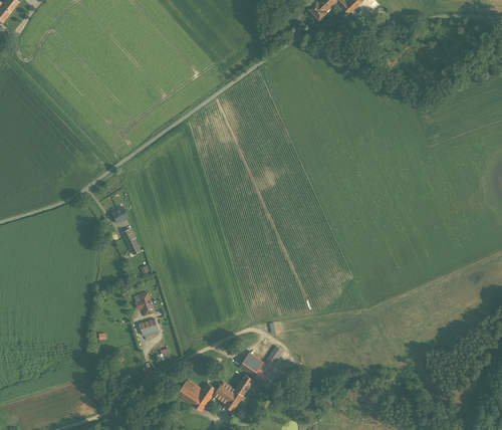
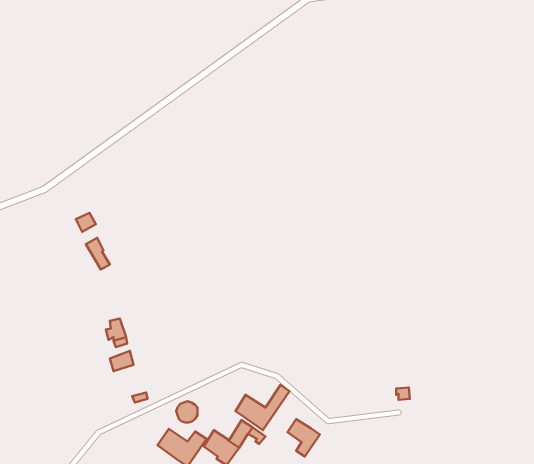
building: none -> [287,419,320,457]

